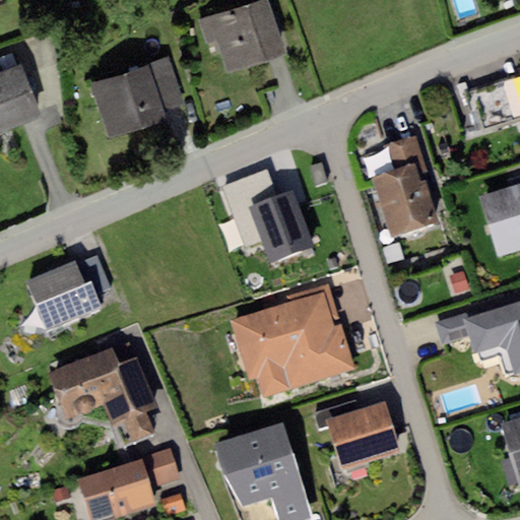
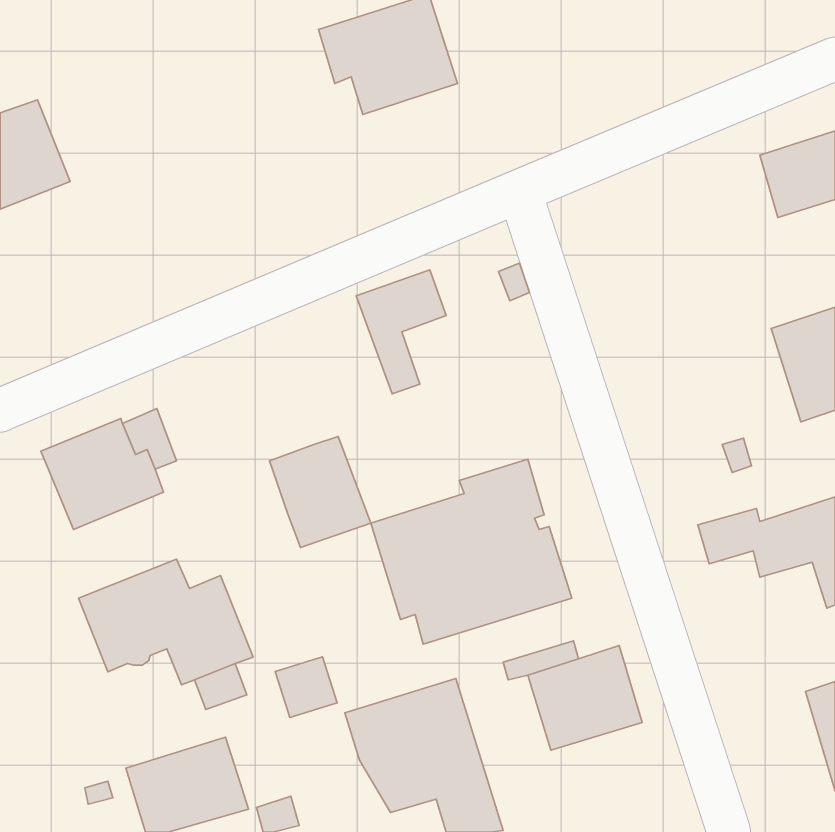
building: [93,58,183,136] -> none
building: [370,136,439,237] -> none
building: [250,191,313,260] -> [270,436,371,548]
building: [140,449,179,486] -> [275,657,337,717]

